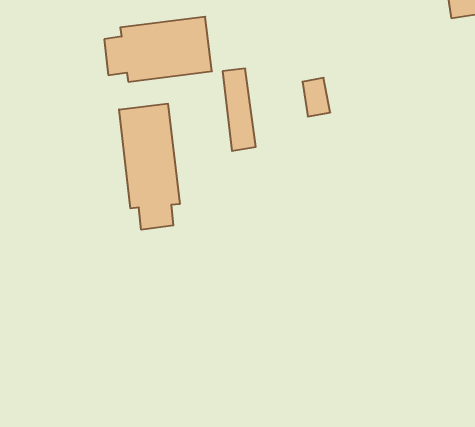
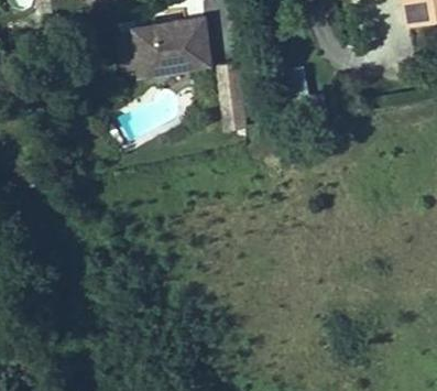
building: [119,104,180,230] -> none

